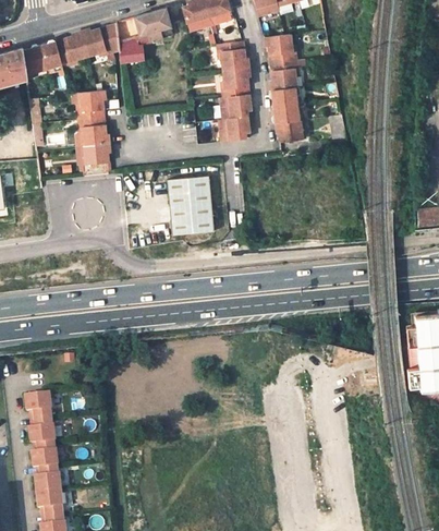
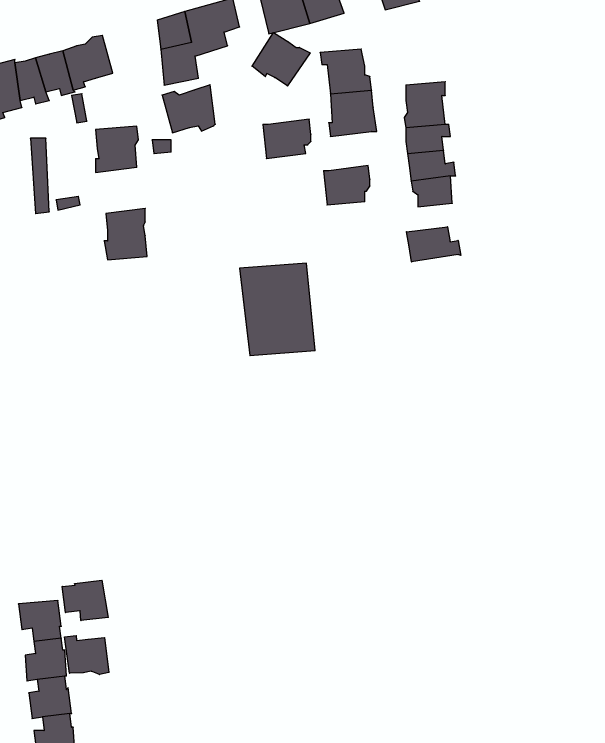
building: [78,26,112,57] -> [162,85,215,133]
building: none -> [252,33,310,86]
building: [266,35,296,64] -> none
building: [220,94,251,119] -> [263,119,311,159]
building: [74,117,106,146] -> none
building: none -> [406,227,461,262]
building: none -> [62,580,108,621]
building: none -> [65,636,109,675]

